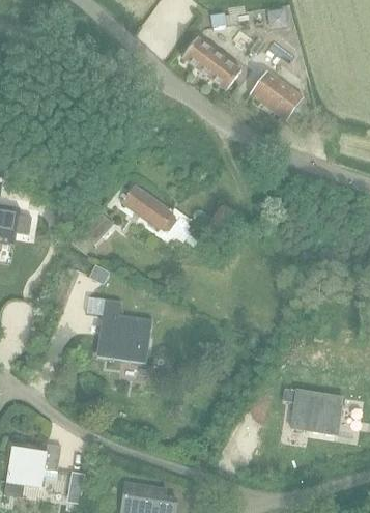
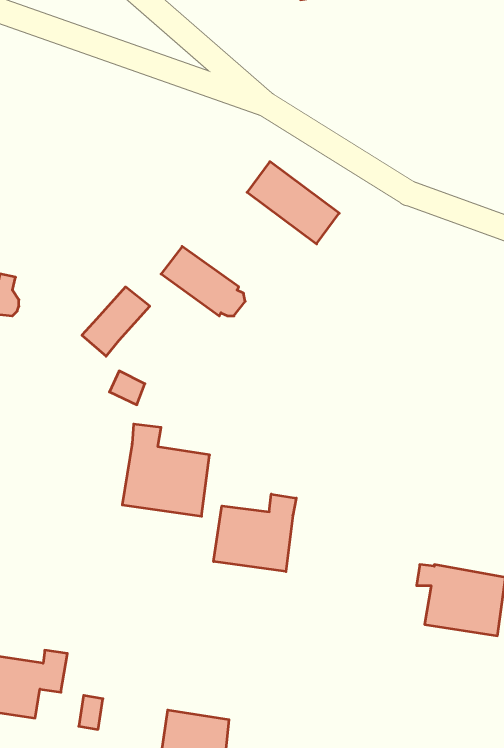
building: [181,37,240,90] -> [247,162,339,244]
building: [248,70,303,121] -> none
building: none -> [214,494,296,572]

